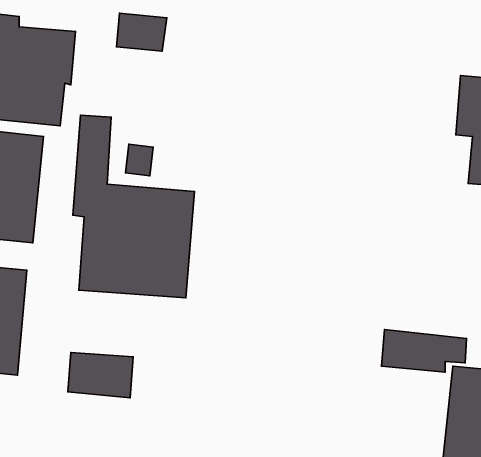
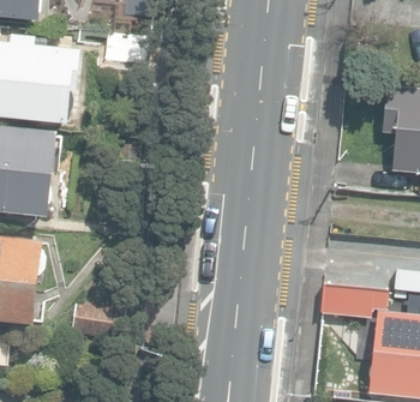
building: [73,115,195,298] -> none

